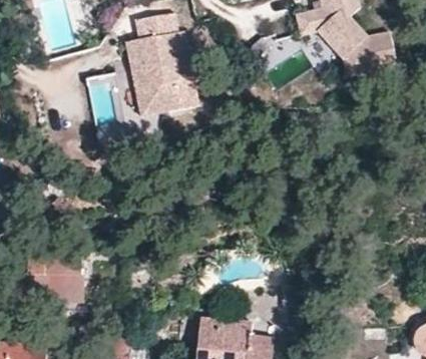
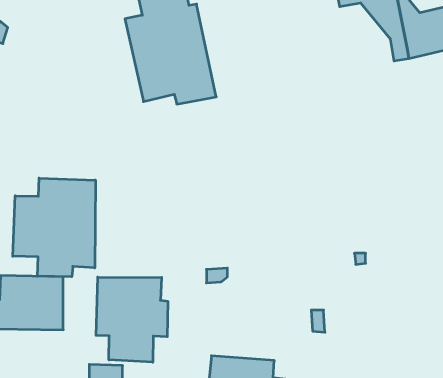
building: none -> [13,178,95,277]
building: none -> [96,277,168,362]

